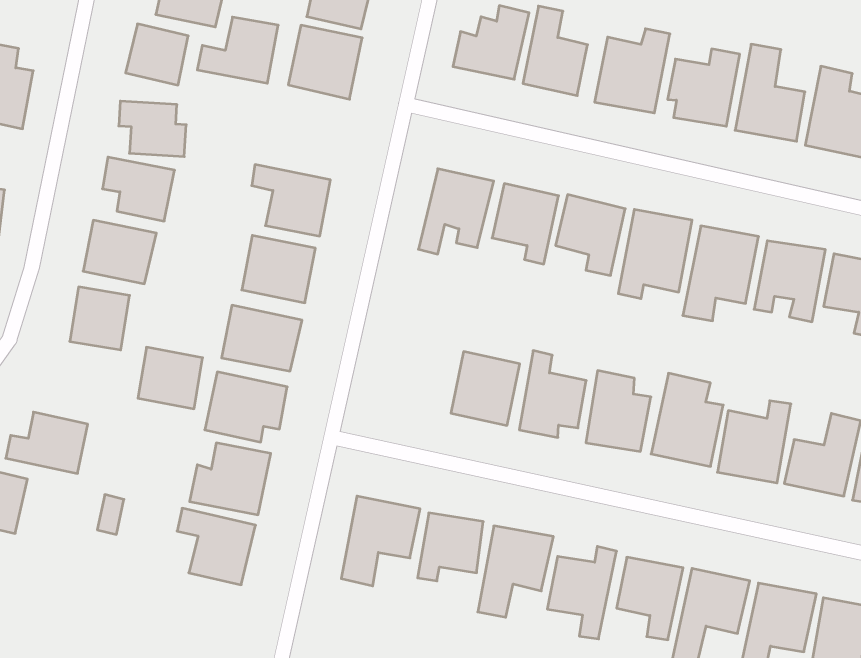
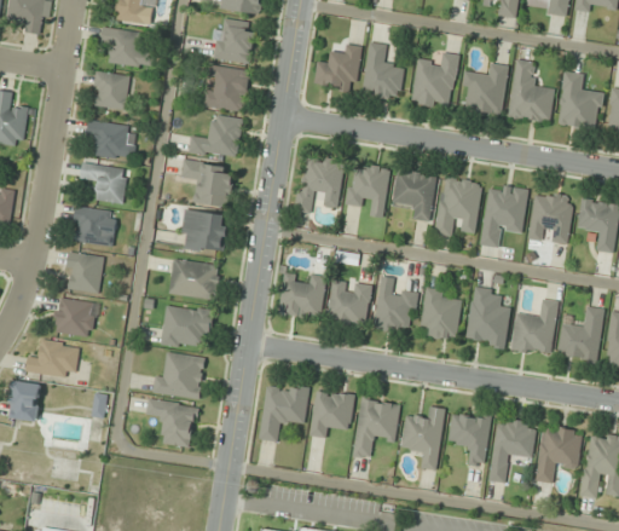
building: [197,17,278,83] -> [189,115,242,158]
building: none -> [278,271,326,321]
building: [138,347,203,409] -> [54,298,97,337]

